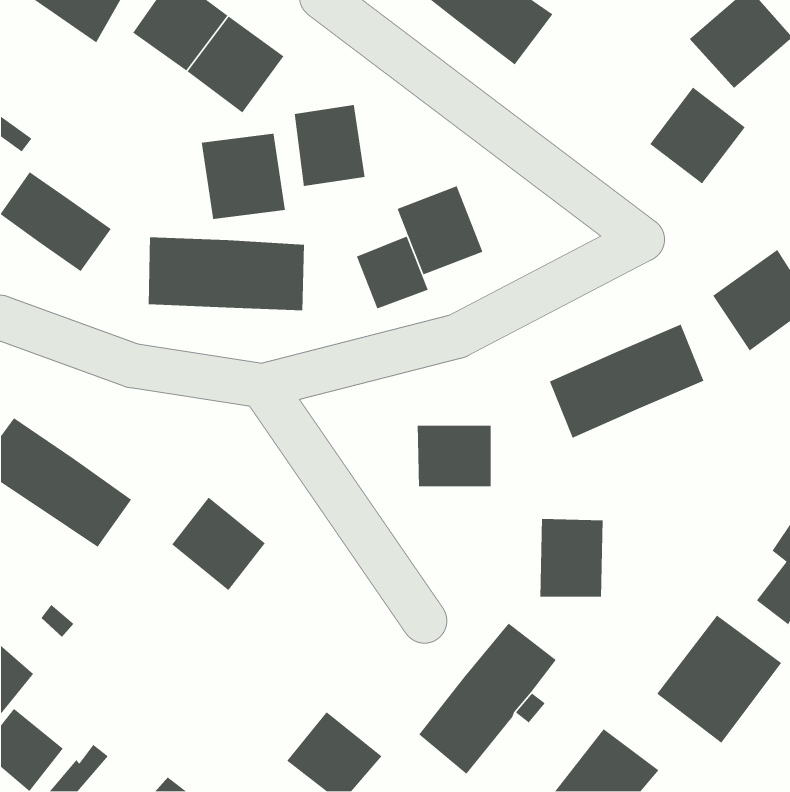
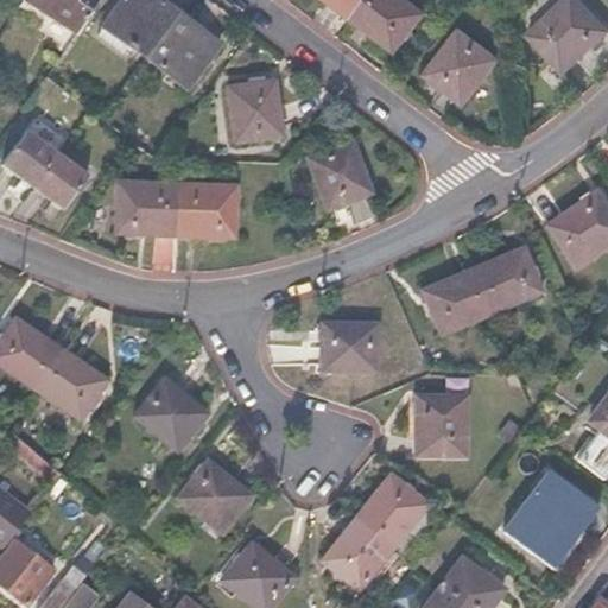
building: [649,87,746,185] -> [426,28,500,103]
building: [201,133,286,220] -> none
building: [356,236,429,309] -> none
building: none -> [177,460,252,536]

